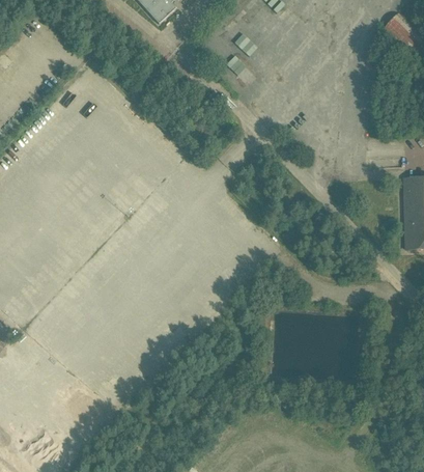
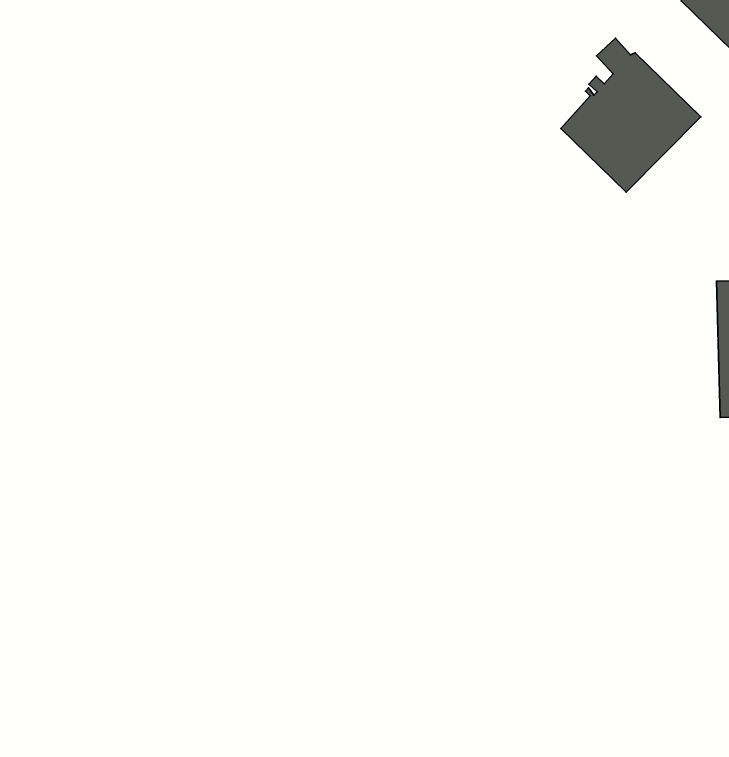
building: none -> [561,38,701,192]

